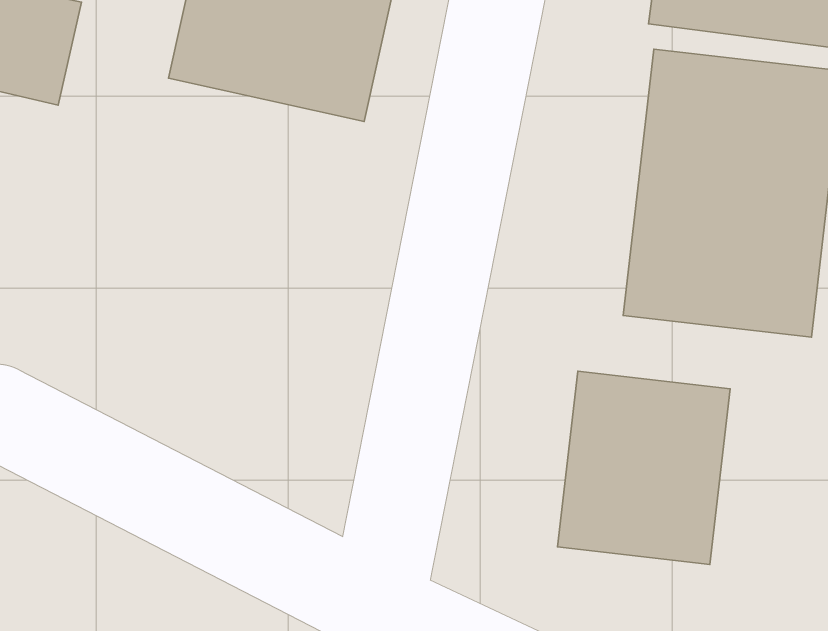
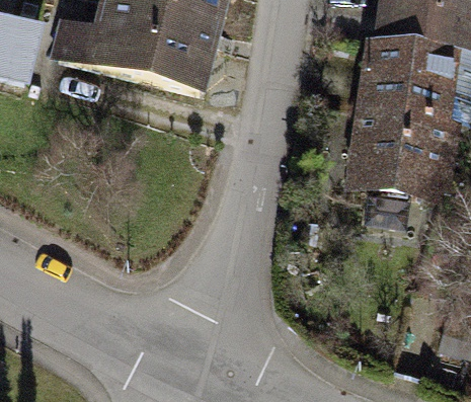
building: [557,371,730,565] -> none

